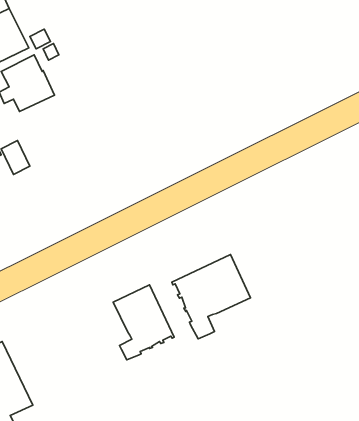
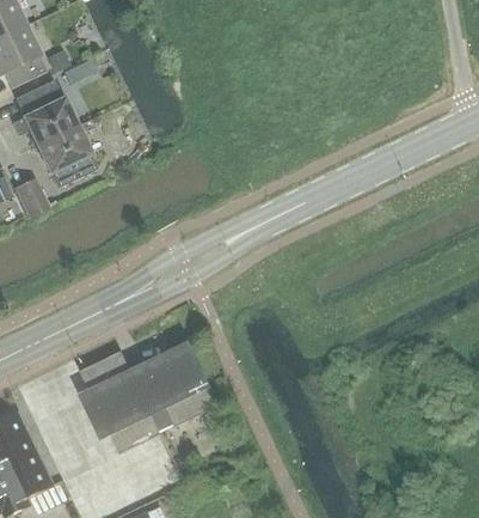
building: none -> [36,124,97,187]
building: [172,255,250,339] -> none
building: none -> [79,349,160,452]

